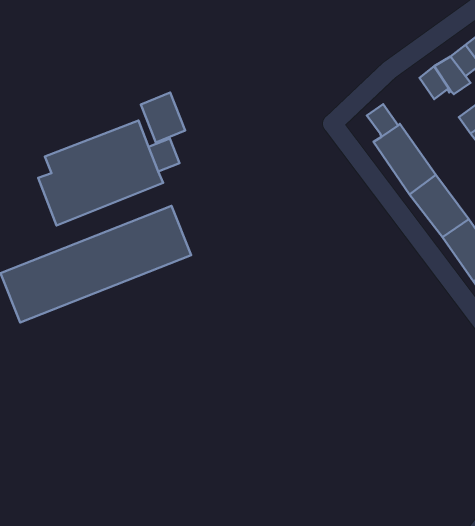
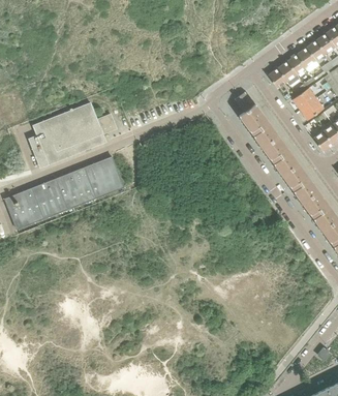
building: [141,93,185,142] -> none

